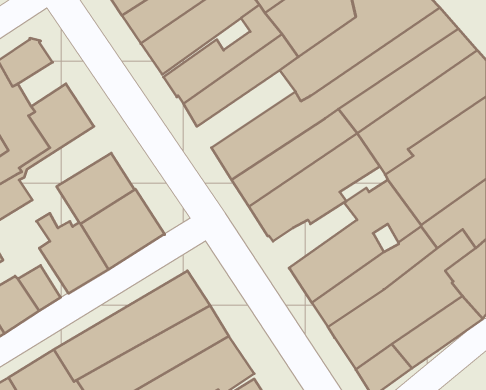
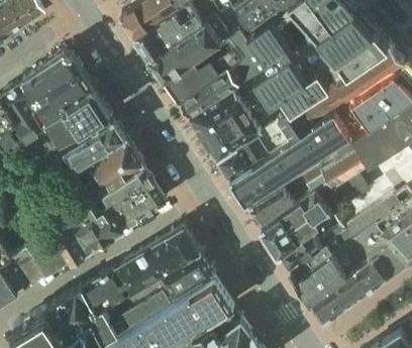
building: none -> [57,73,93,106]
building: none -> [192,79,267,137]
building: none -> [64,121,127,171]
building: none -> [251,179,313,228]

